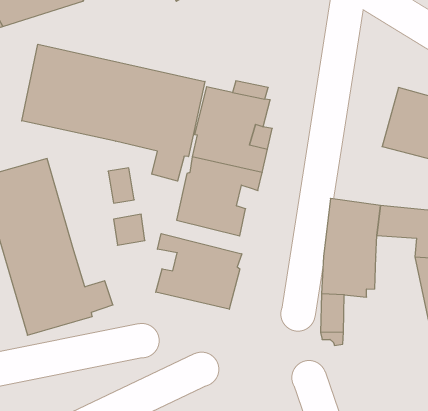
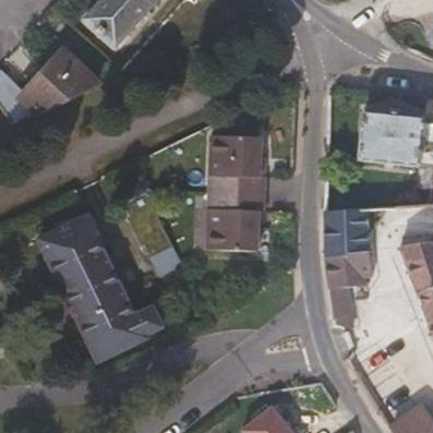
building: [22,44,205,181] -> none
building: [156,234,242,309] -> none

